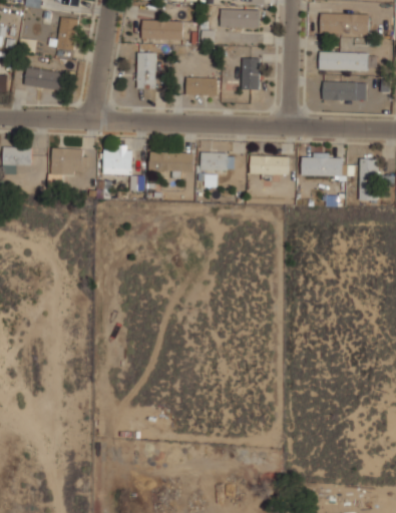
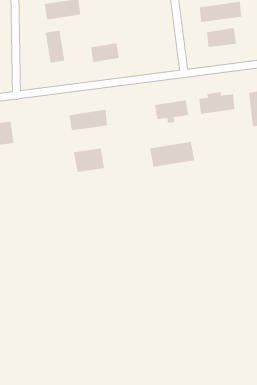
building: [242,58,260,89] -> none
building: [102,147,132,174] -> none
building: [200,153,234,170] -> none
building: none -> [73,147,104,173]
building: none -> [149,141,195,167]

